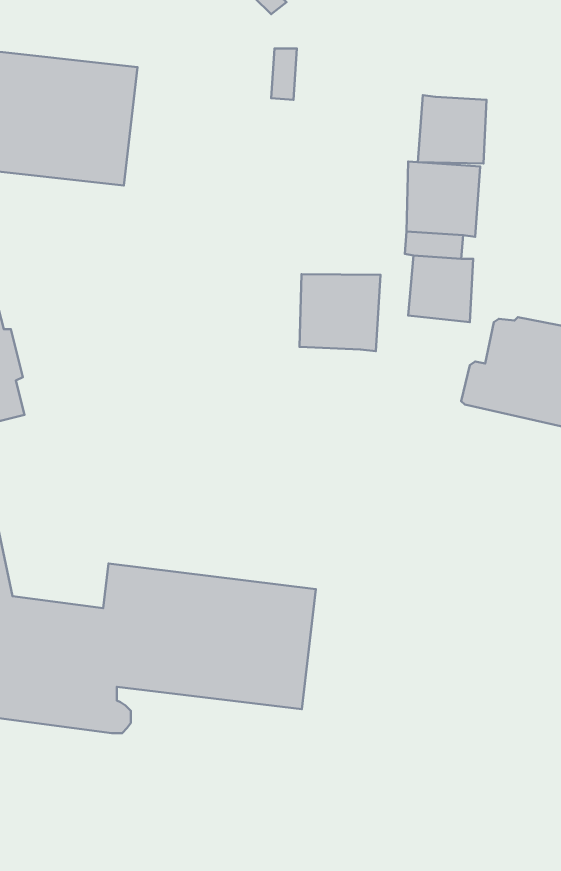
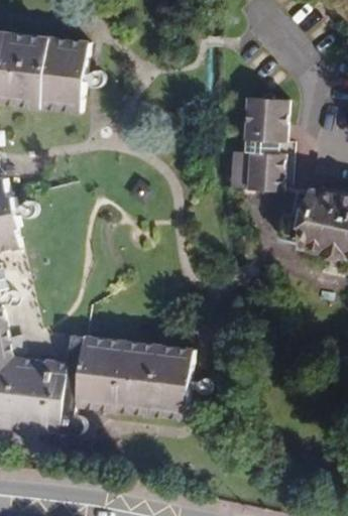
building: [418,95,486,163] -> none
building: [300,274,380,351] -> none

